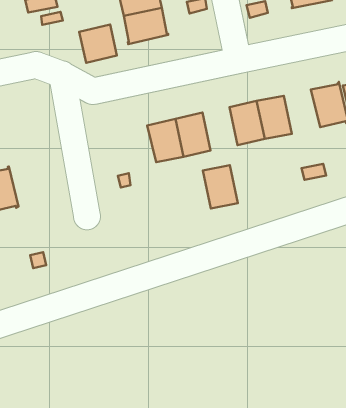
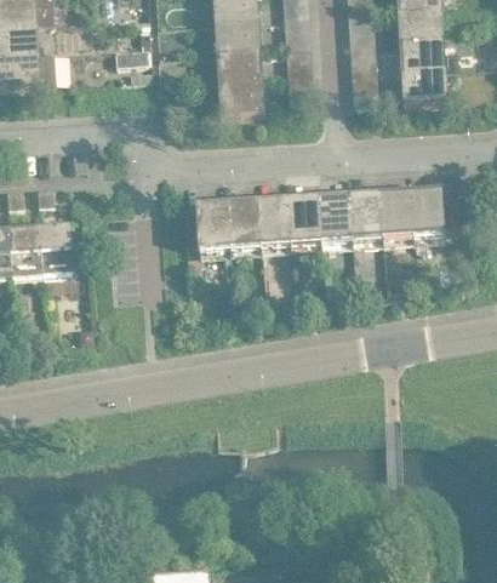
building: [79,24,117,63] -> none
building: none -> [379,192,413,236]
building: none -> [183,204,230,250]
building: [203,165,238,208] -> [289,198,321,241]

